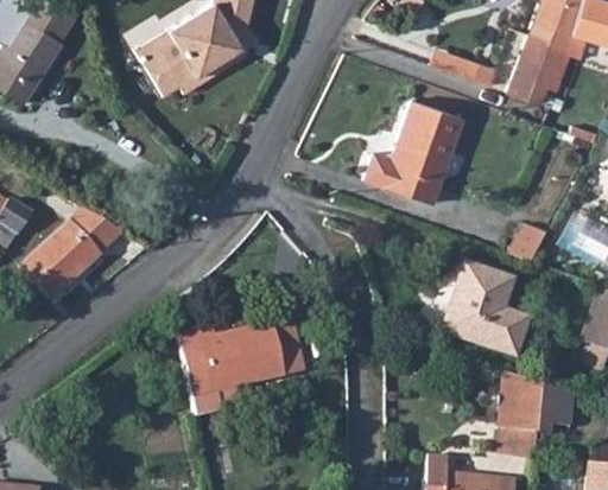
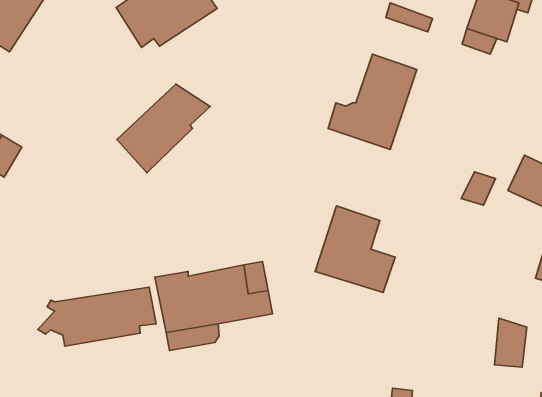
building: [19,204,119,299] -> [117,84,210,173]
building: [446,261,532,354] -> [315,206,395,293]
building: none -> [38,287,156,346]
building: [505,371,547,434] -> none

